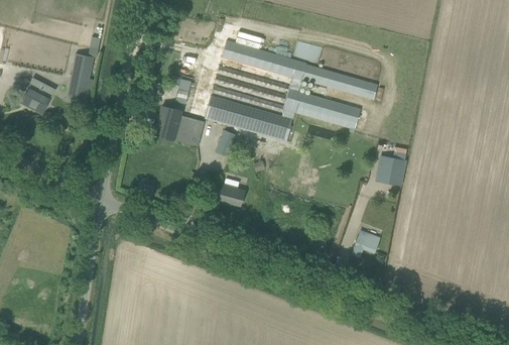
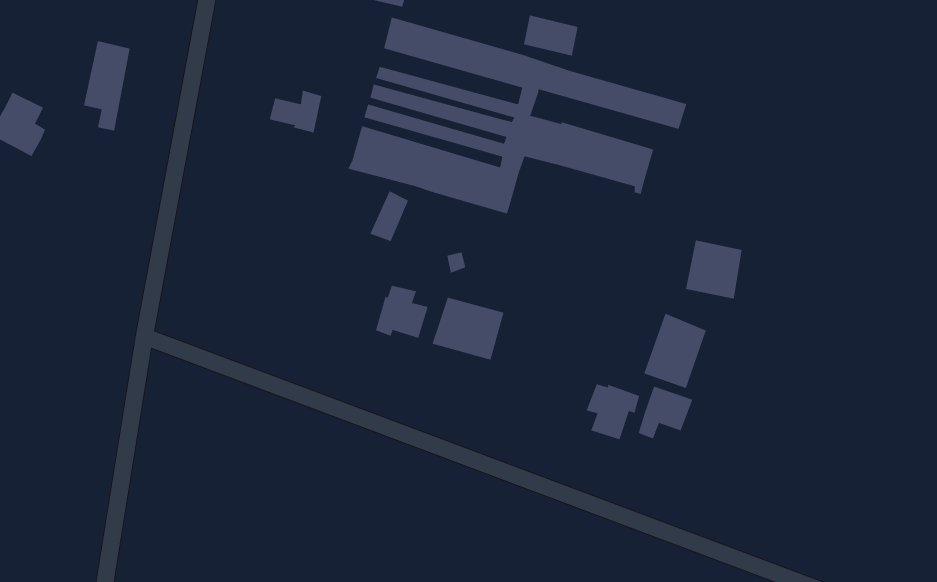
building: [155,105,206,146] -> none
building: none -> [432,297,504,361]
building: none -> [644,313,707,389]
building: none -> [586,384,640,440]

